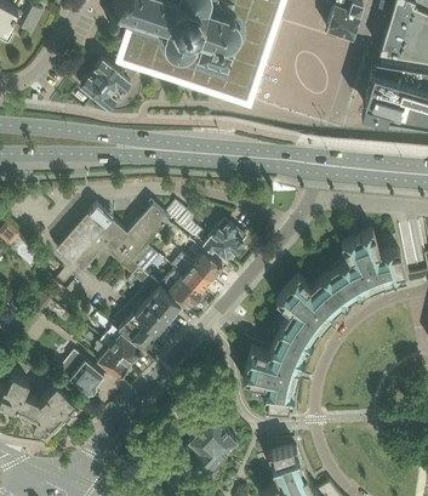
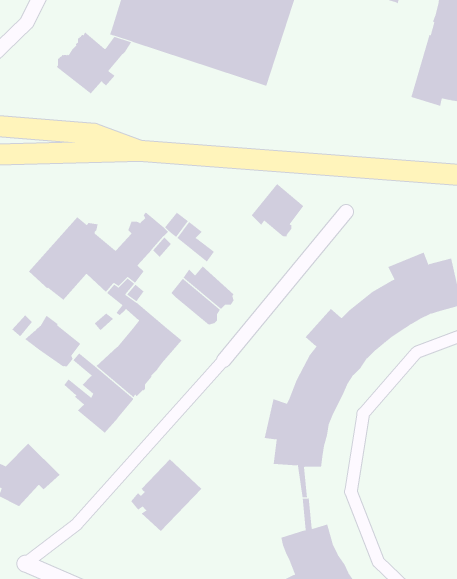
building: [205,217,247,260] -> [251,183,304,237]
building: [164,268,202,303] -> none
building: [59,350,104,392] -> [25,315,81,367]
building: [182,416,239,474] -> [130,458,202,532]

